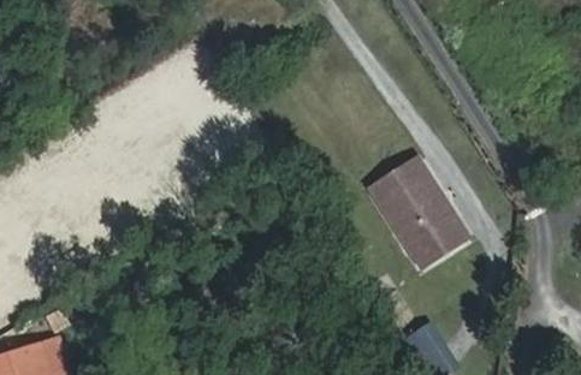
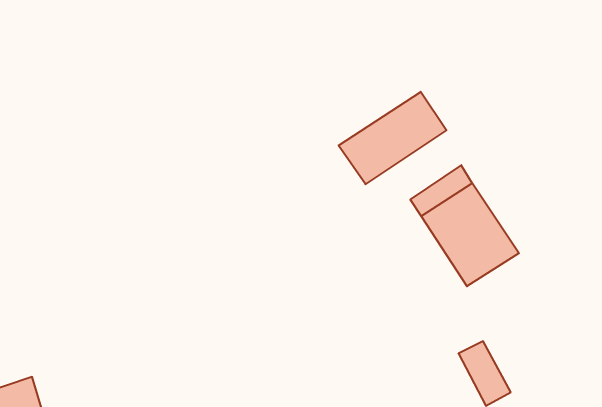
building: none -> [339,92,446,184]

